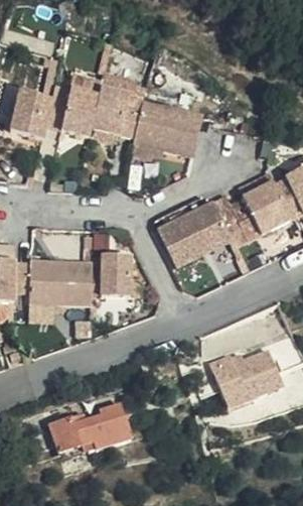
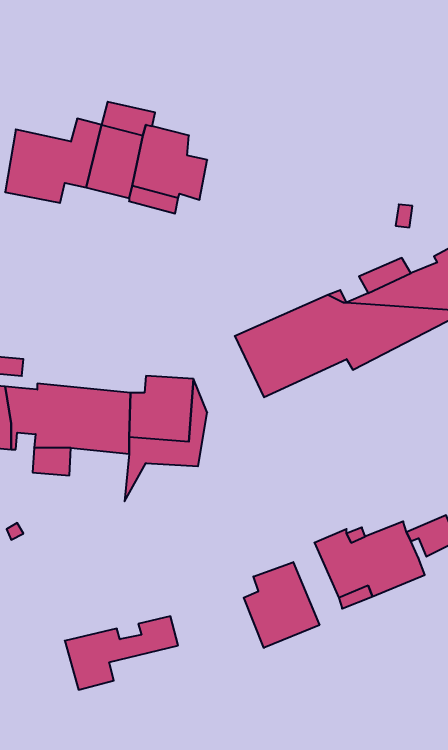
building: [134,100,204,154] -> none
building: none -> [244,562,319,648]

